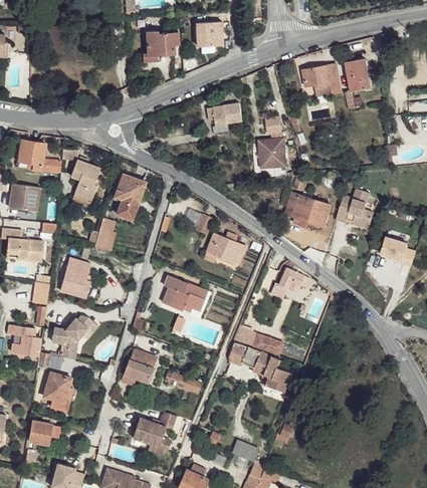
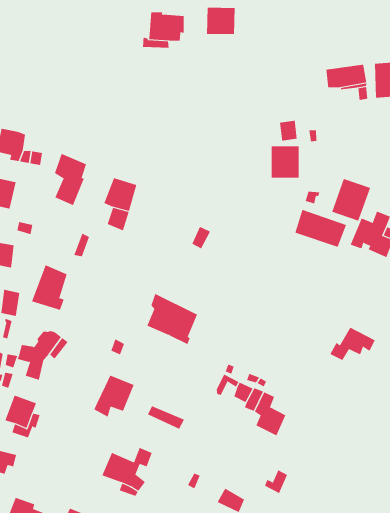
building: [208,102,243,126] -> none
building: none -> [331,178,371,222]
building: [206,233,244,263] -> none
building: [270,268,309,298] -> [330,327,375,361]

